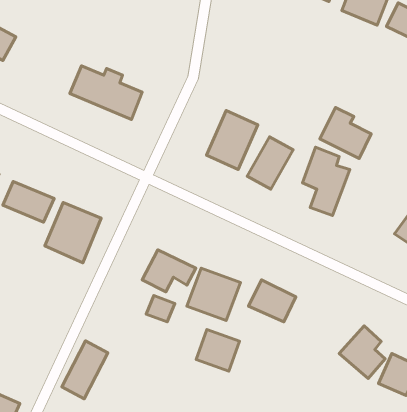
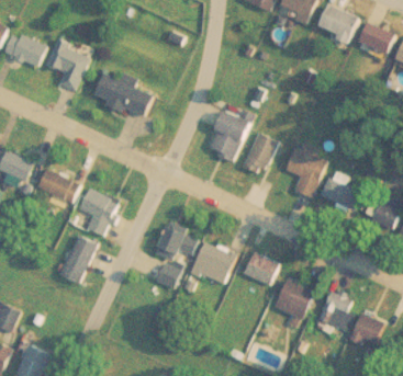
building: none -> [45,38,91,90]
building: [320,107,371,159] -> [320,170,362,213]
building: none -> [273,278,315,320]
building: [196,329,239,371] -> none
building: [62,341,108,399] -> [58,236,97,284]

